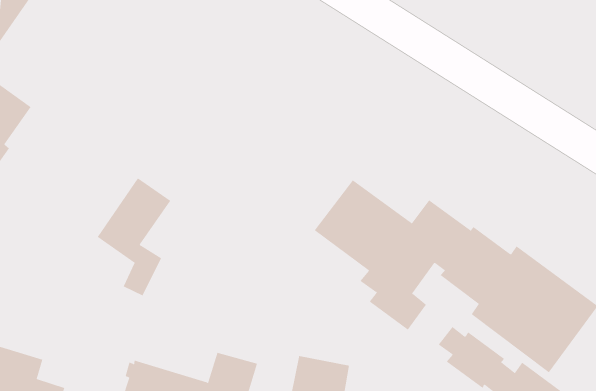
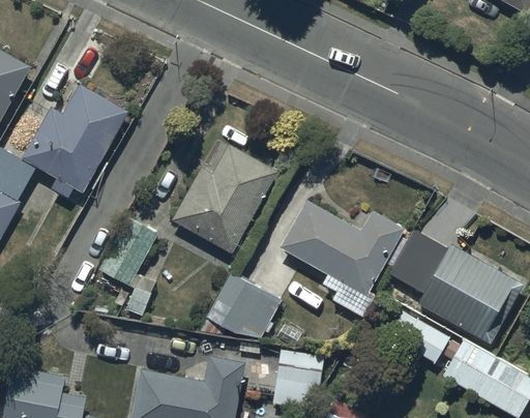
building: none -> [23,85,129,200]
building: none -> [173,145,277,253]
building: none -> [207,272,283,336]

